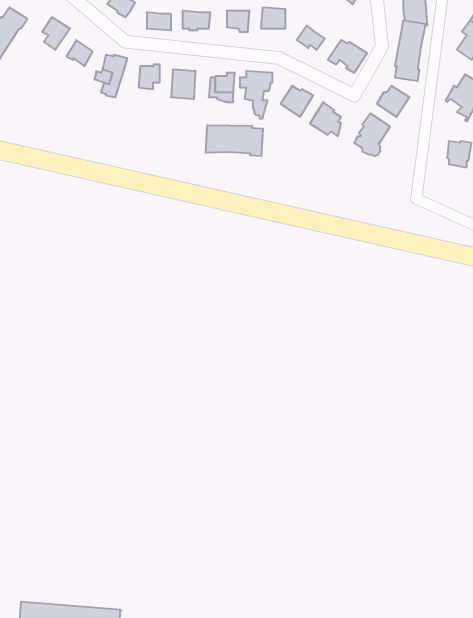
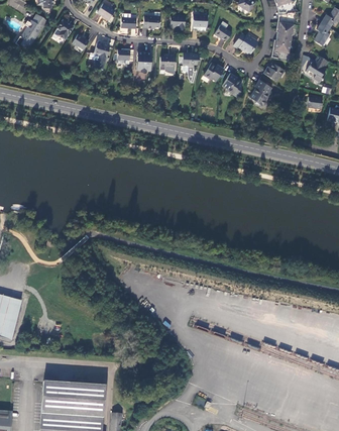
building: [206,125,263,156] -> none

